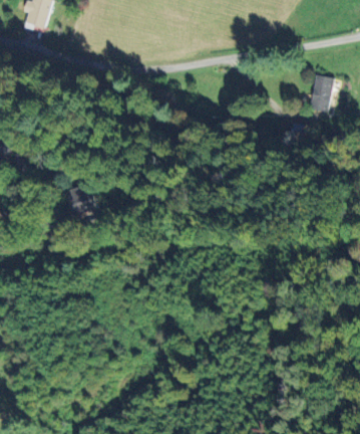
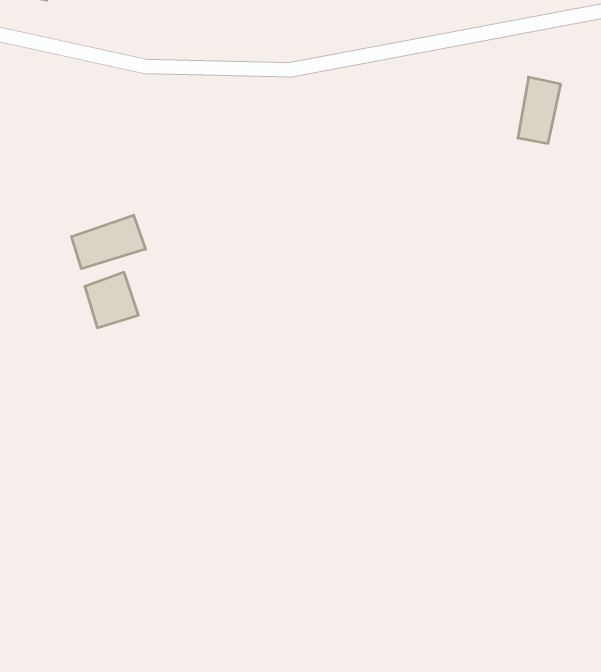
building: none -> [72,215,146,269]

